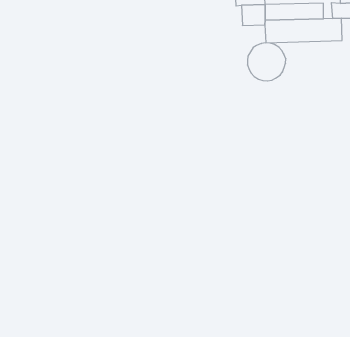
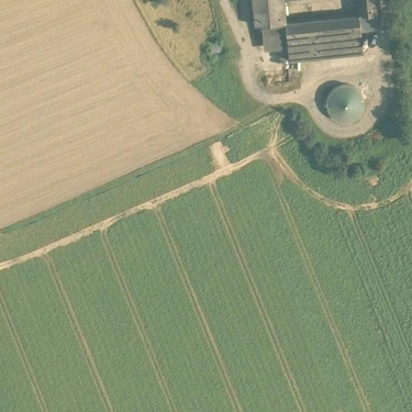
building: [247,43,286,81] -> [326,86,364,123]

